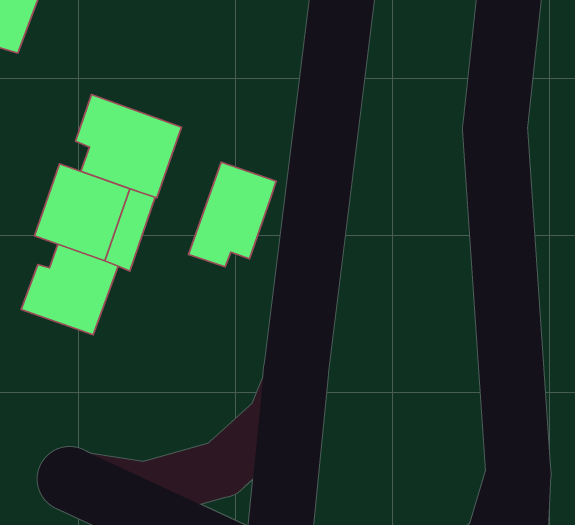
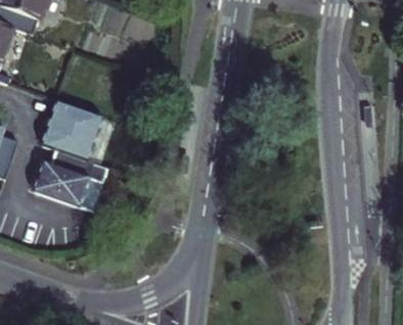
building: [75,94,181,198] -> none
building: [189,162,276,267] -> none

